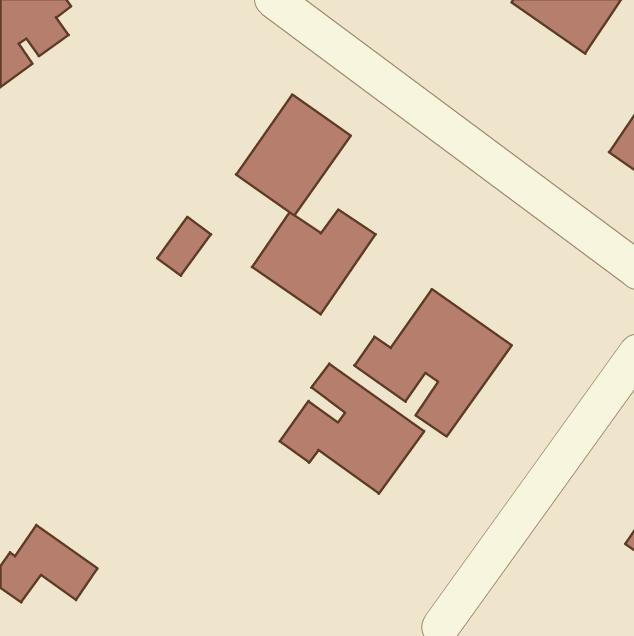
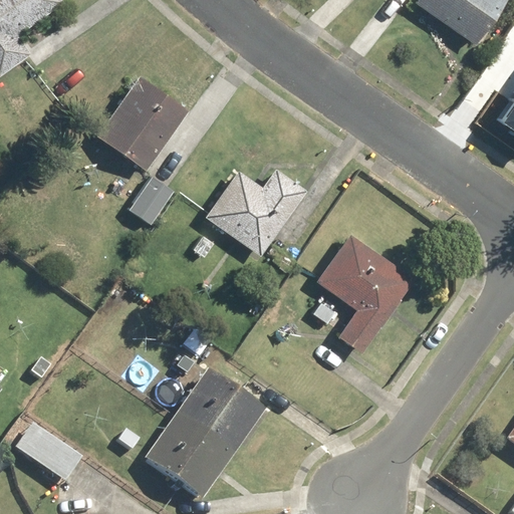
building: [236,95,351,215] -> [98,71,191,169]
building: [280,364,424,494] -> none
building: none -> [147,372,264,499]

